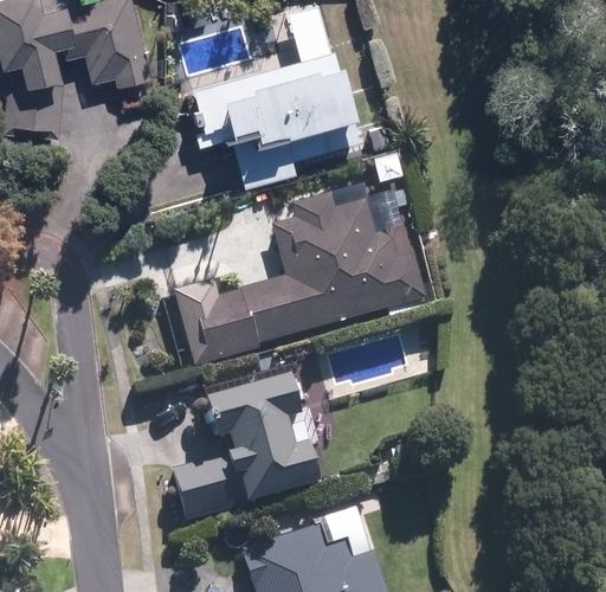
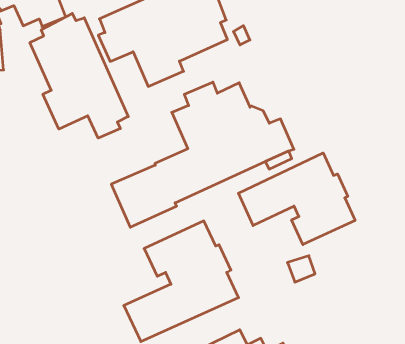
building: none -> [30,13,128,138]
building: none -> [238,153,355,245]

